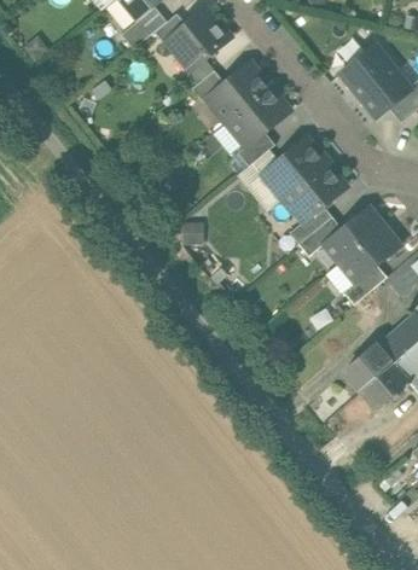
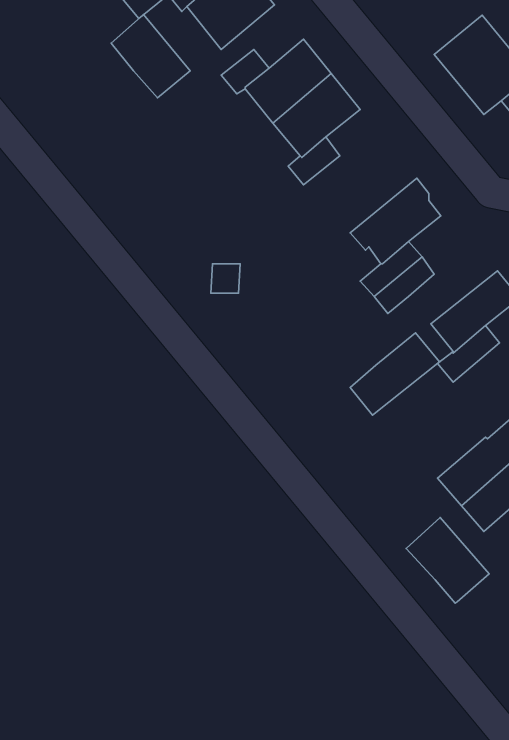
building: none -> [111,15,190,98]
building: [262,140,329,200] -> none
building: [323,207,385,264] -> [350,333,439,415]
building: none -> [406,518,489,603]

